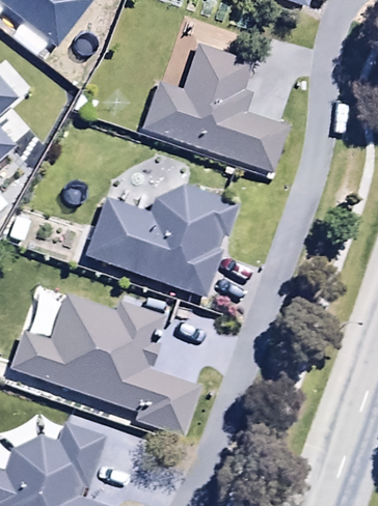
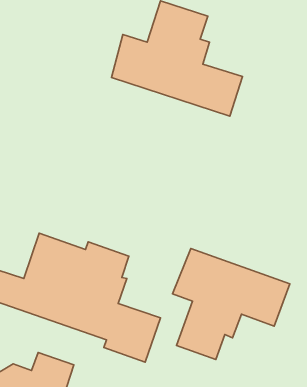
building: [86,188,238,296] -> none
building: none -> [173,249,290,360]

